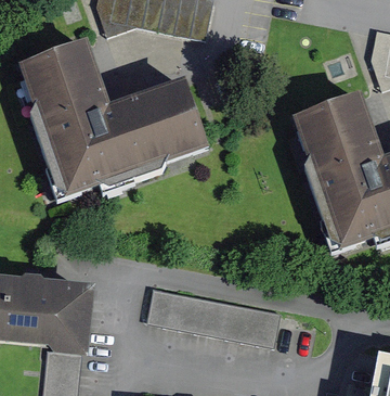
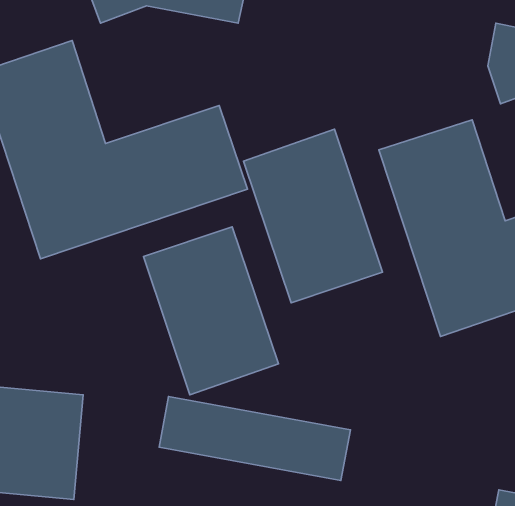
building: none -> [244,129,382,303]
building: none -> [143,227,278,395]

